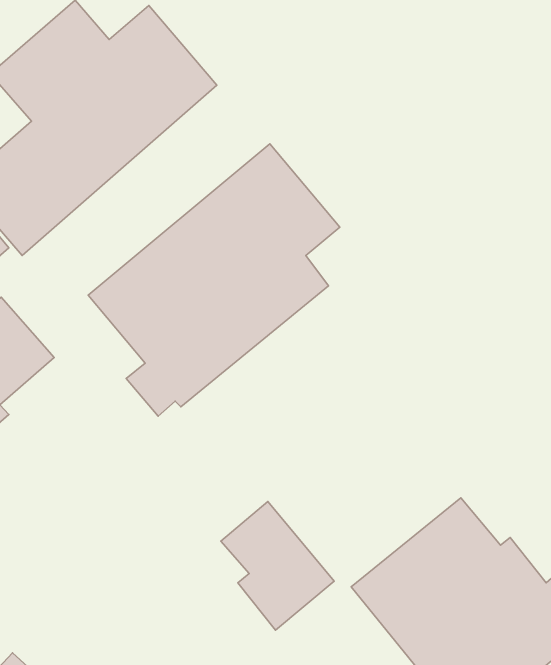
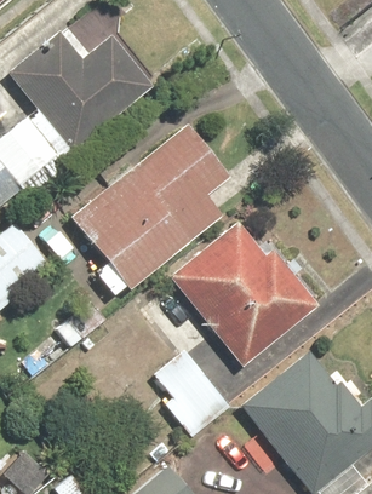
building: none -> [167,220,319,367]

